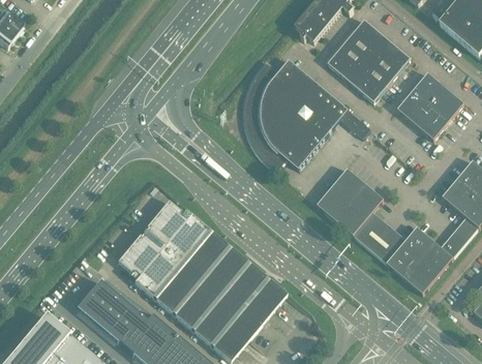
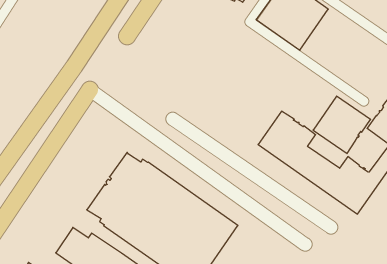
building: [244,59,370,170] -> none
building: [397,72,463,139] -> [313,96,371,154]

